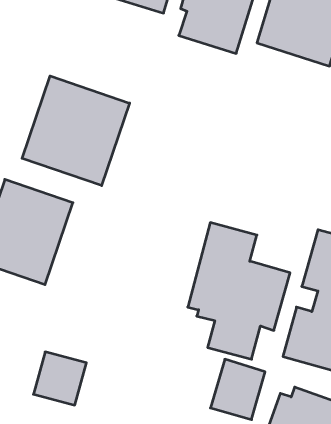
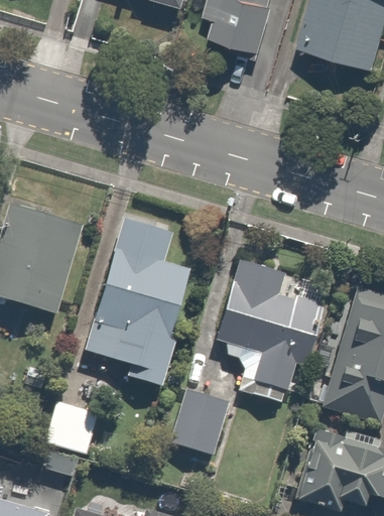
building: [22,76,130,186] -> none
building: none -> [82,216,198,387]
building: [210,359,265,420] -> [165,388,227,456]

